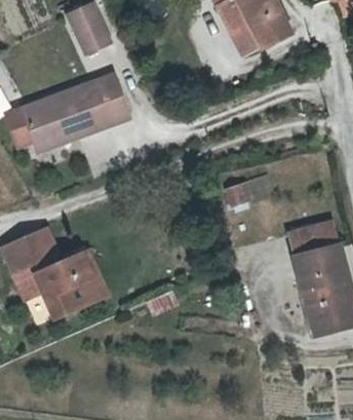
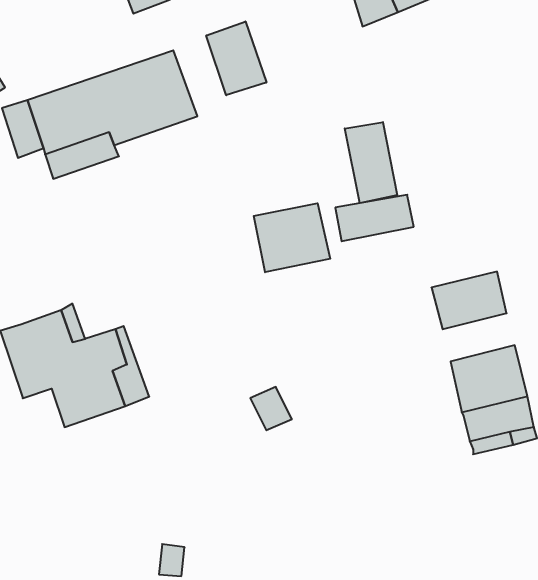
building: none -> [206,21,266,95]
building: none -> [345,122,397,203]
building: none -> [254,203,330,272]
building: [289,243,336,274] -> none

